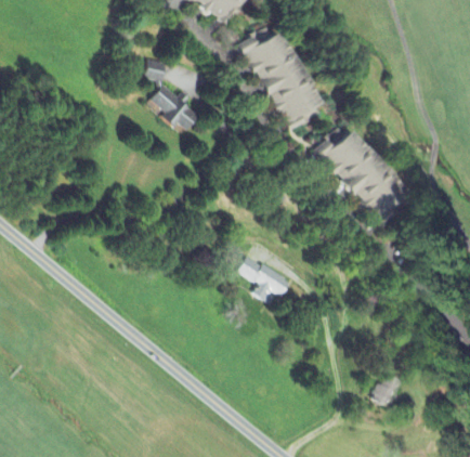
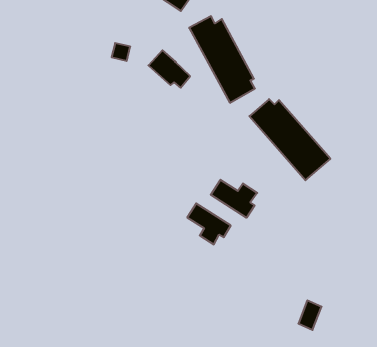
building: [147,83,198,129] -> [148,50,190,88]
building: none -> [211,180,257,218]

